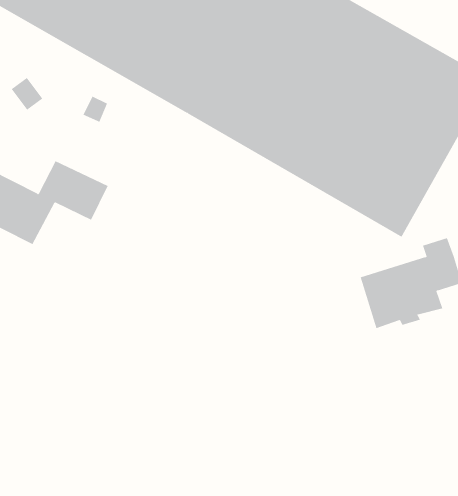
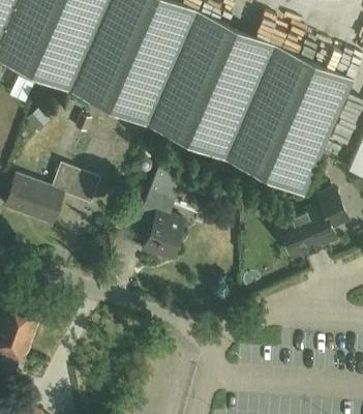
building: none -> [140,172,193,262]

